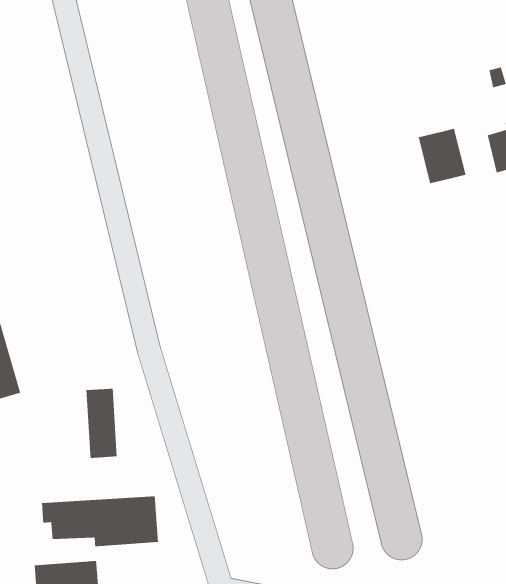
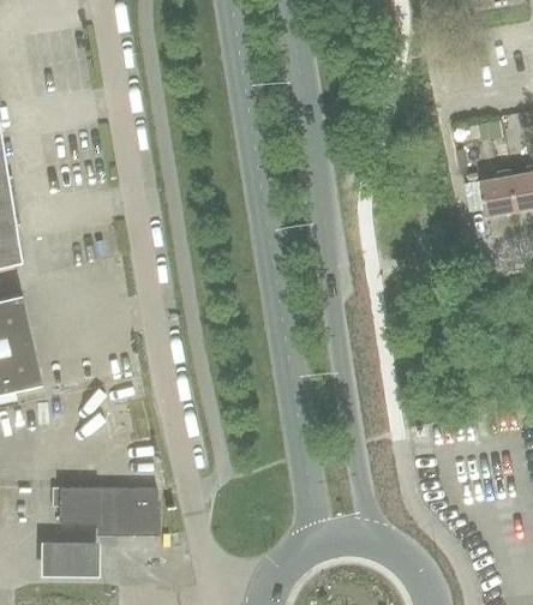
building: [418,128,466,184] -> none
building: [86,388,118,459] -> none

